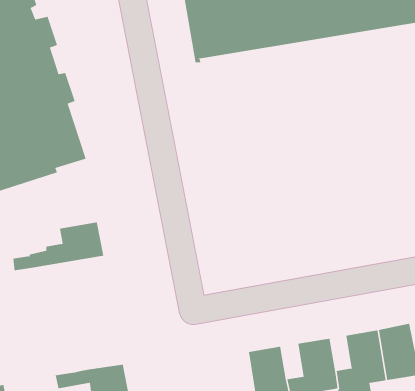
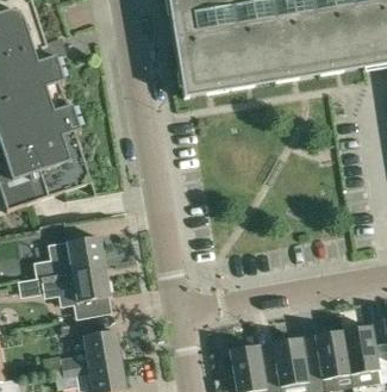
building: none -> [19,265,111,317]
building: none -> [83,329,120,363]

